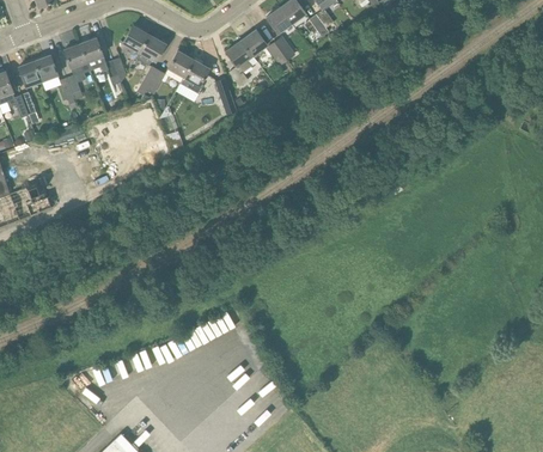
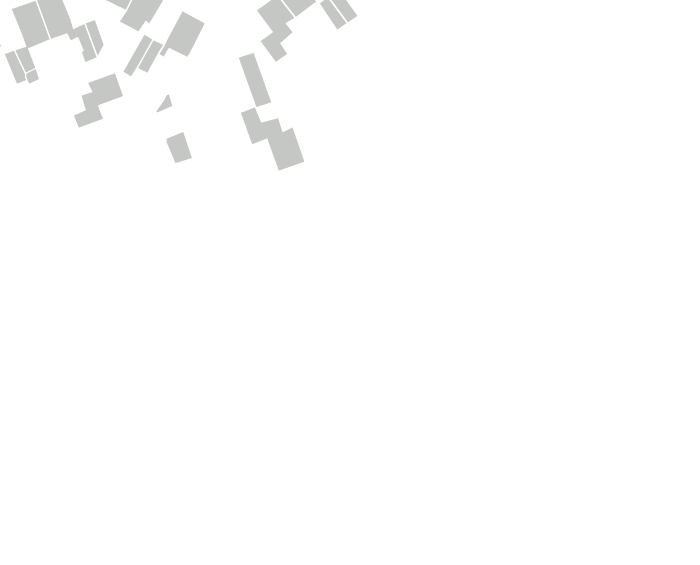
building: [179,60,209,94] -> none
building: none -> [73,73,124,129]
building: none -> [240,107,305,172]

